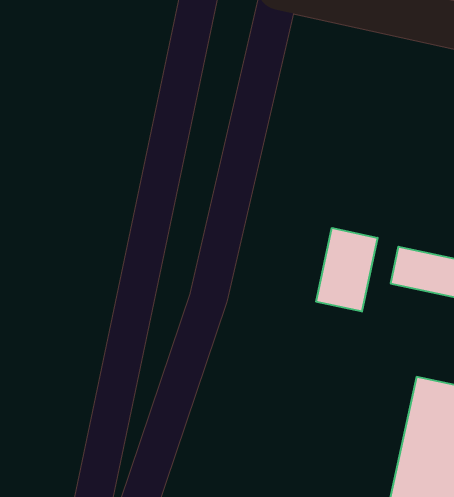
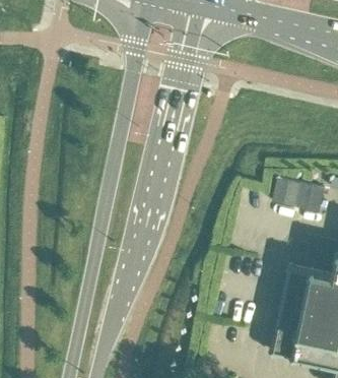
building: [316,228,378,312] -> none

